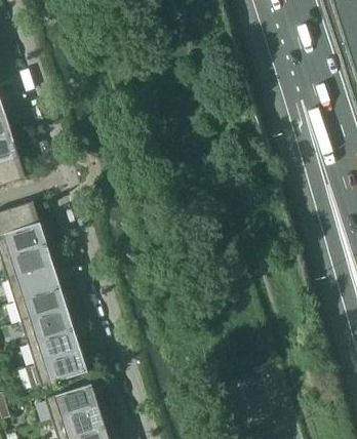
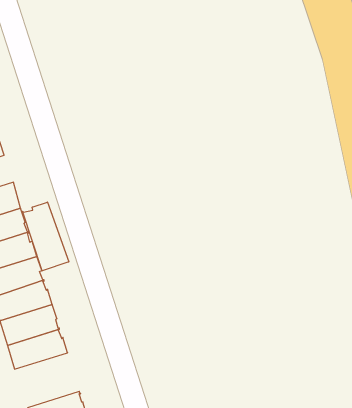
building: none -> [23,202,69,271]
building: [34,349,87,386] -> none

